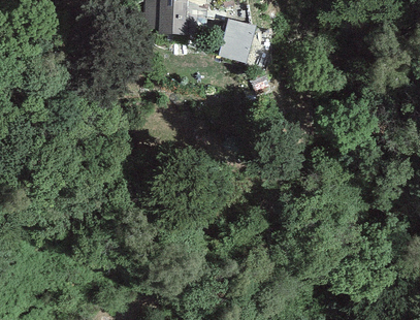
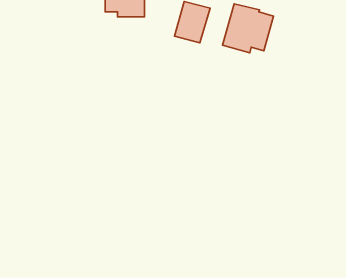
building: none -> [223,4,274,53]

